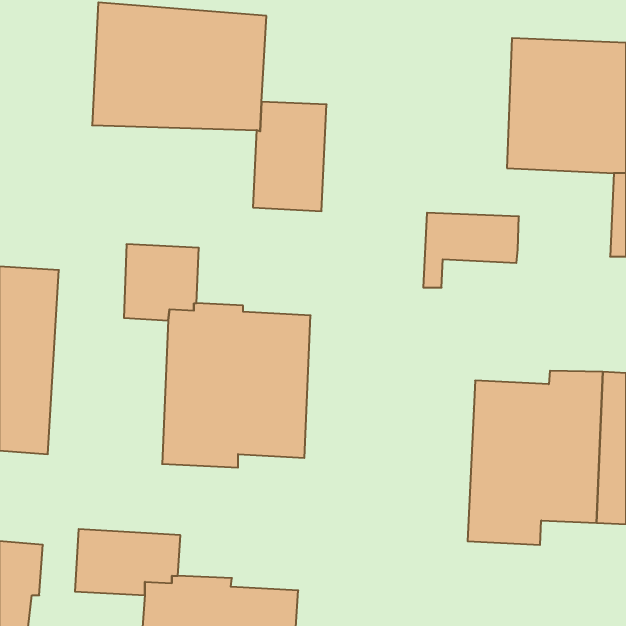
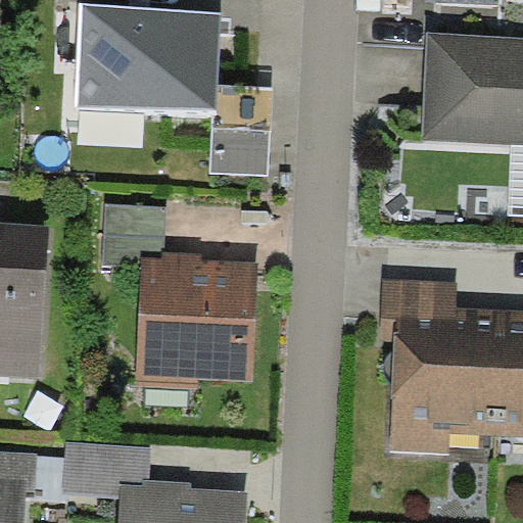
building: [423,213,519,288] -> [379,279,459,341]

